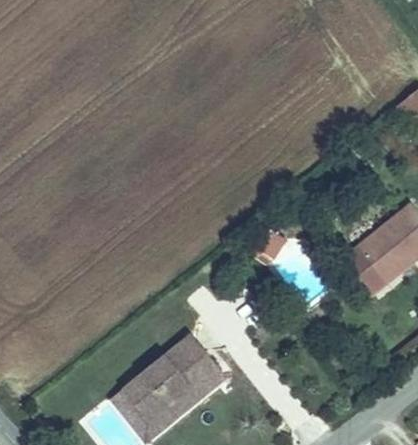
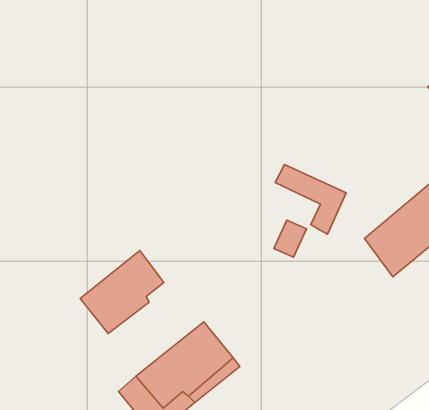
building: none -> [275,164,346,234]
building: none -> [80,251,164,334]

